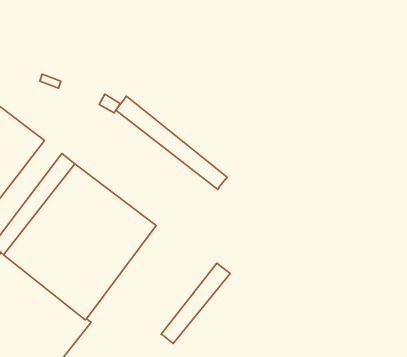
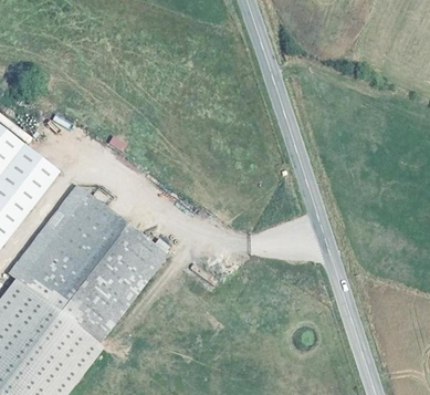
building: [116,96,227,189] -> none
building: [161,263,230,343] -> none

